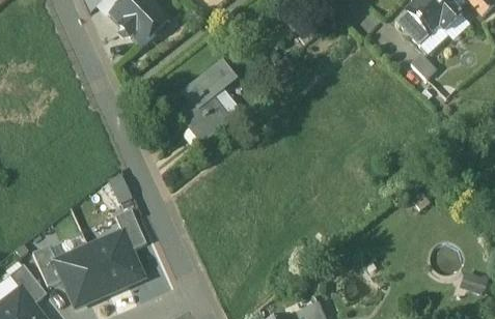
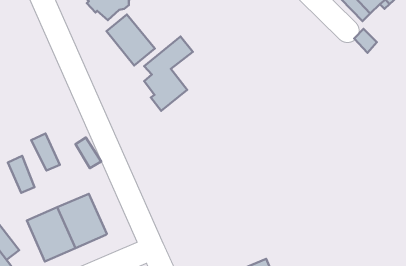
building: none -> [106,14,155,65]
building: [114,209,145,250] -> [31,133,60,171]
building: [32,245,61,286] -> [8,156,35,193]

